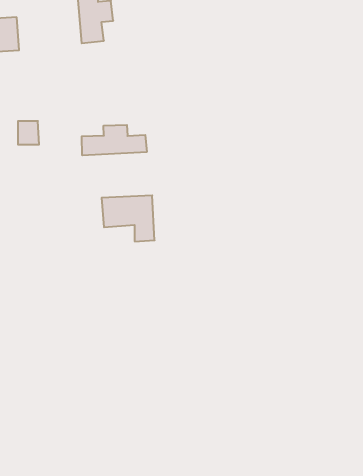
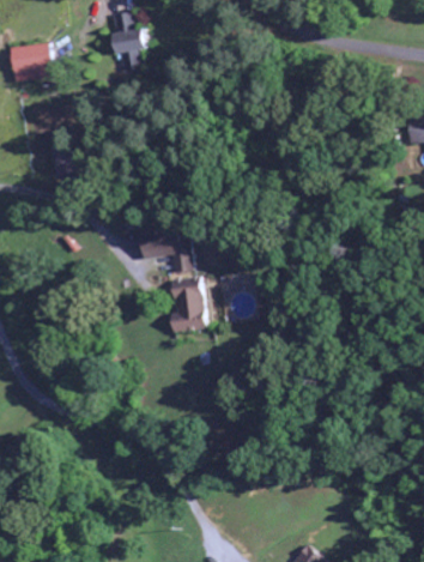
building: [82,125,147,155] -> none
building: none -> [166,276,205,333]

